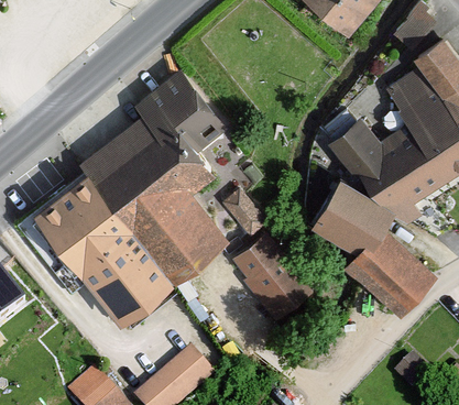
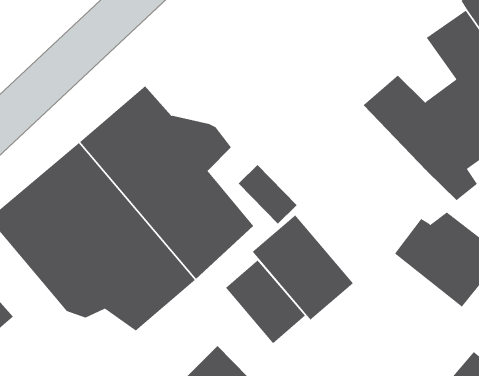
building: [138,73,228,152] -> none
building: [309,178,402,258] -> none
building: none -> [225,259,306,344]

